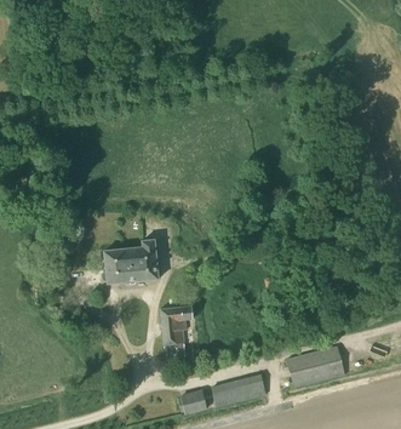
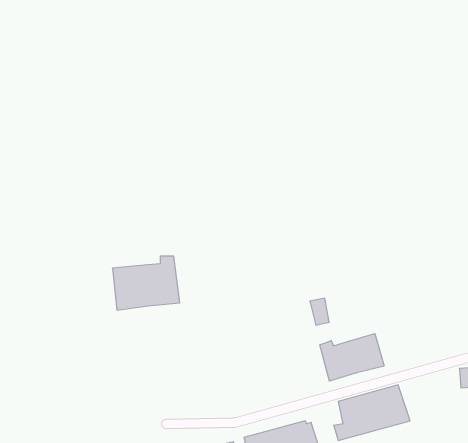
building: none -> [320,334,384,381]
building: [161,307,191,356] -> none

